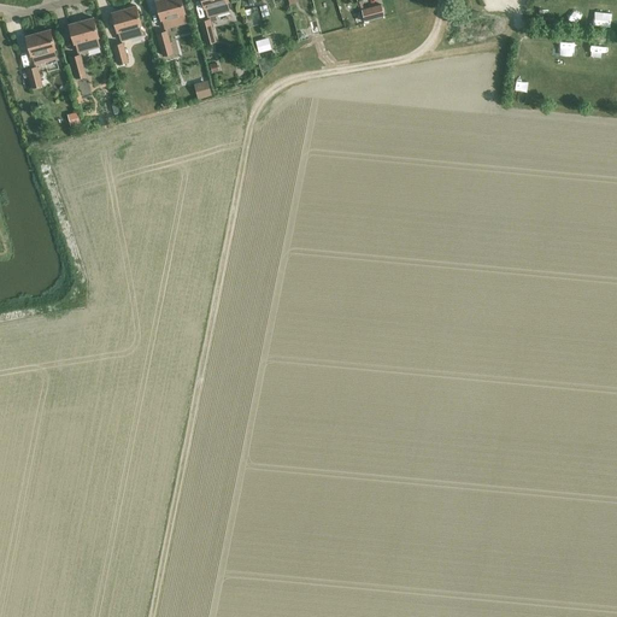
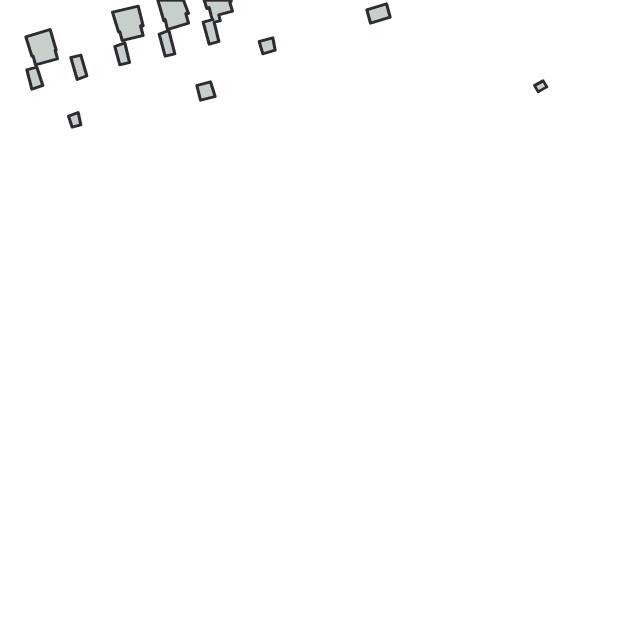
building: [69,17,99,52] -> none

